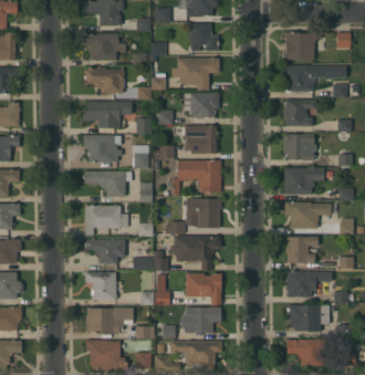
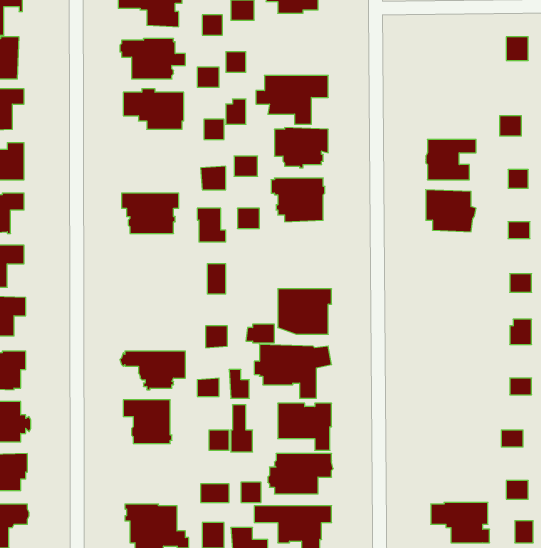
building: [189,23,217,51] -> none
building: [282,31,321,60] -> none
building: [282,65,315,92] -> none
building: [83,101,132,128] -> none
building: [173,159,221,195] -> none
building: [283,167,324,194] -> none
building: [84,170,131,196] -> none
building: [284,201,331,228] -> none
building: [84,205,127,235] -> none
building: [285,236,317,263] -> none
building: [285,271,331,298] -> none
building: [286,304,328,331] -> none
building: [85,308,133,332] -> none

